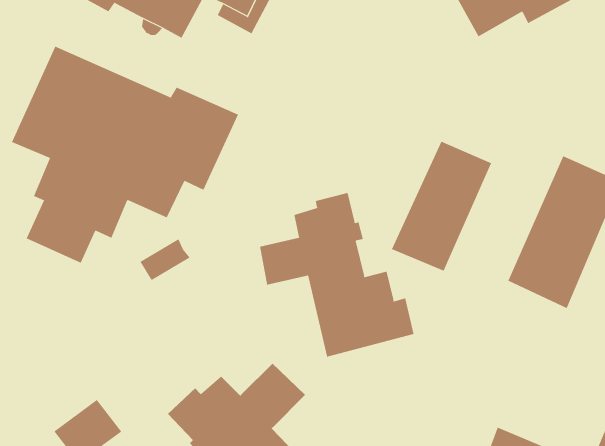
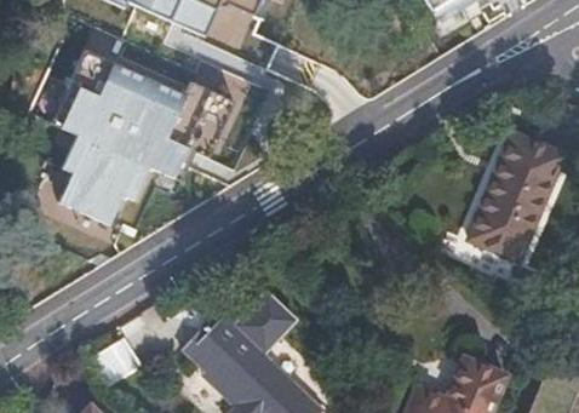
building: [391,141,492,272] -> none
building: [259,192,414,357] -> none

